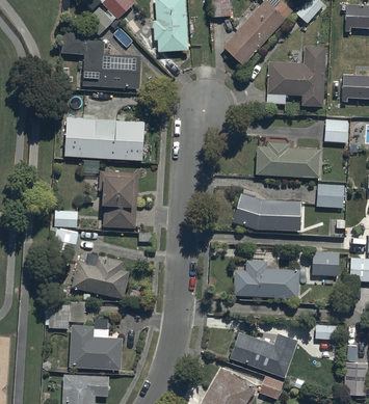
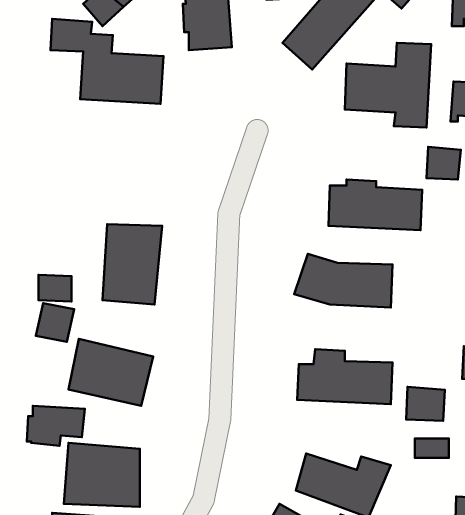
building: [64,116,144,159] -> none
building: [316,183,344,207] -> none
building: [312,251,339,275] -> [406,387,445,421]

